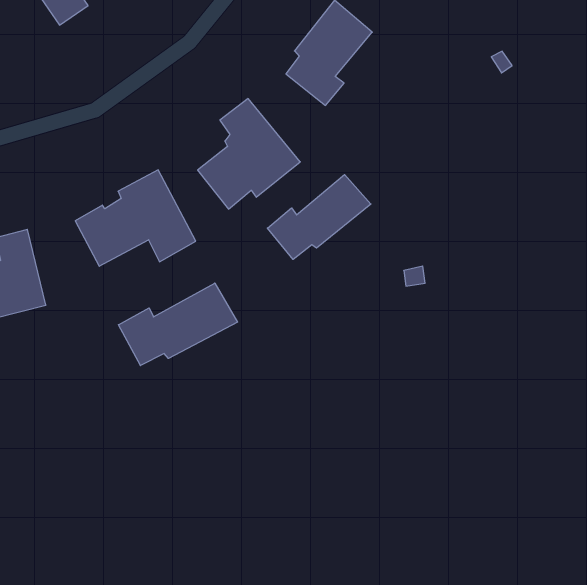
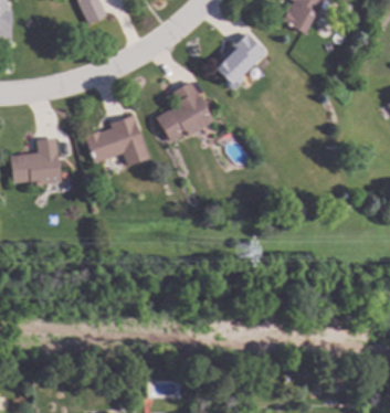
building: [267,175,371,259] -> none
building: [118,283,238,366] -> none

